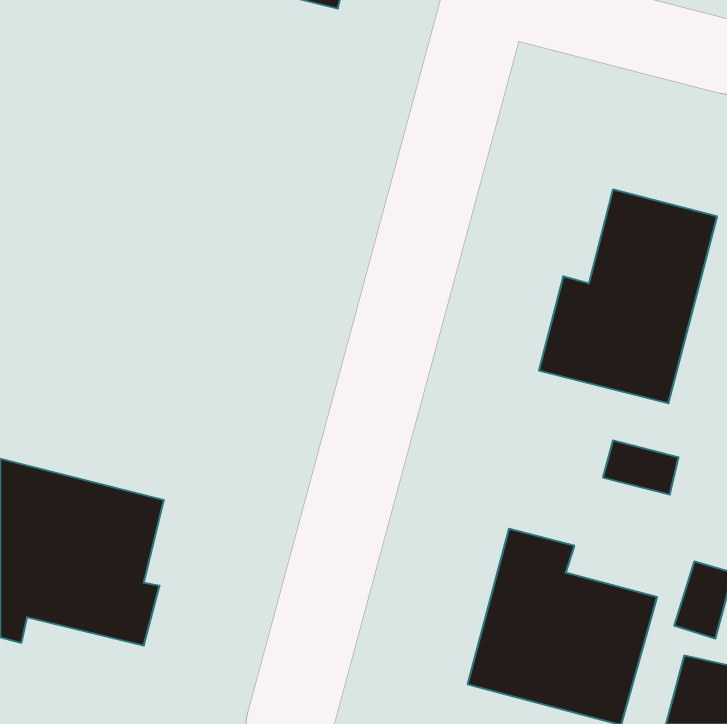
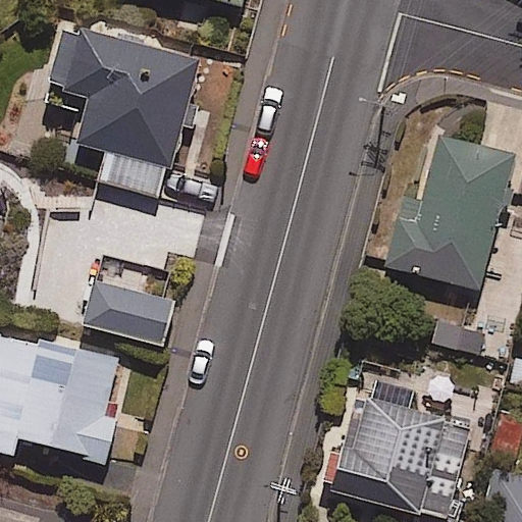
building: none -> [42,11,201,224]
building: none -> [82,278,175,347]

